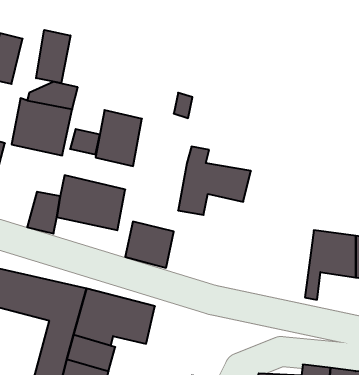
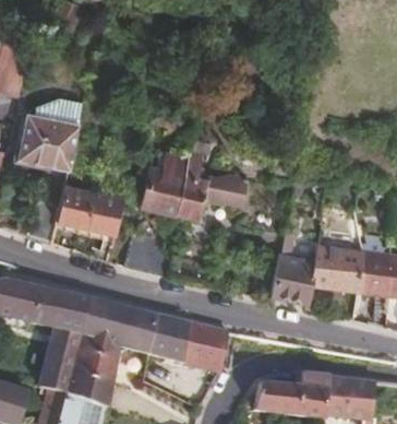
building: [36,30,70,83] -> none
building: [96,110,142,166] -> [143,164,189,220]
building: none -> [266,249,312,306]
building: none -> [148,315,227,369]

